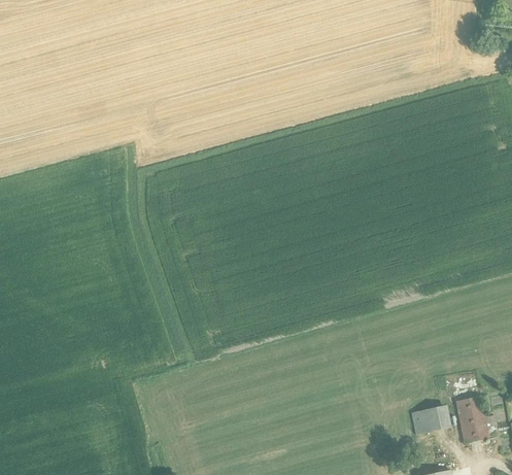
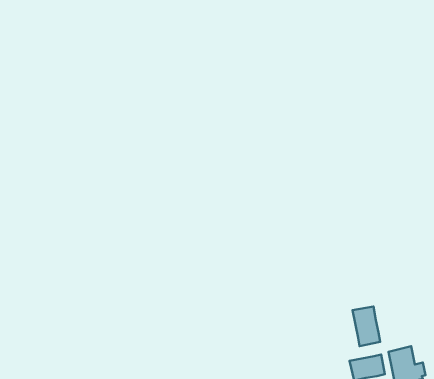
building: none -> [352,307,380,346]

